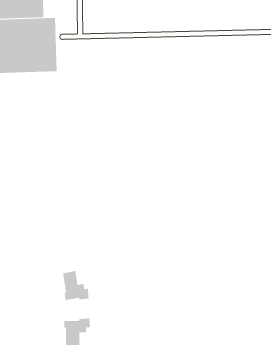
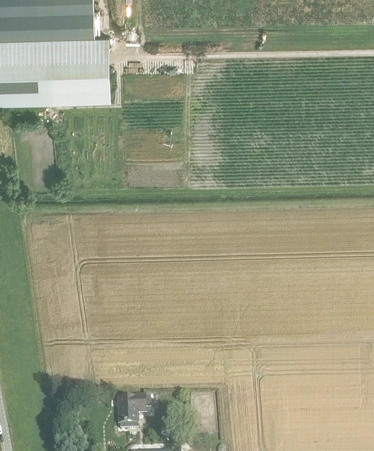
building: [63,270,89,301] -> none

